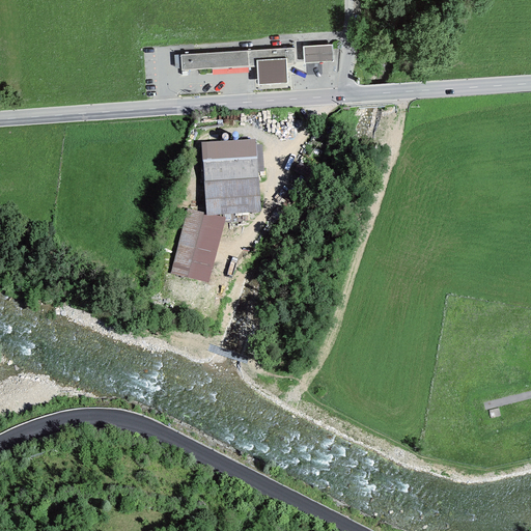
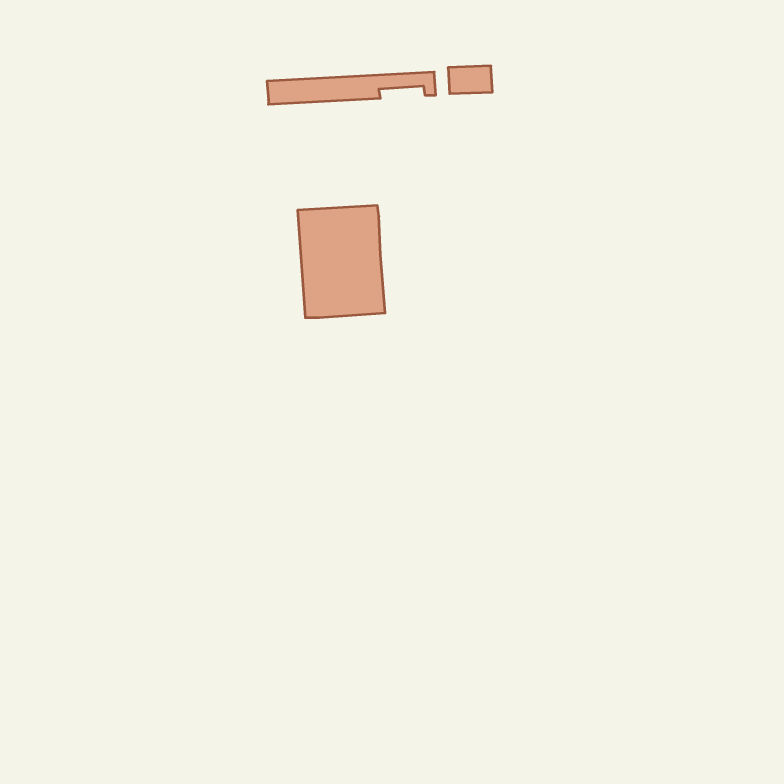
building: [256,58,288,85] -> none
building: [170,208,225,283] -> none

